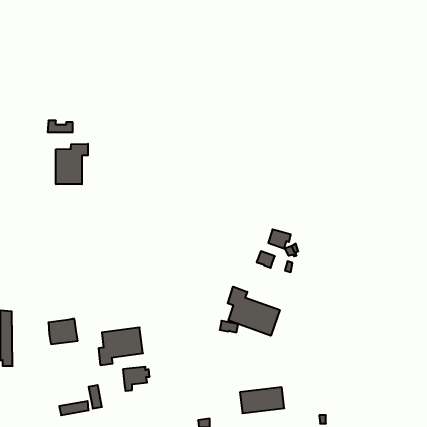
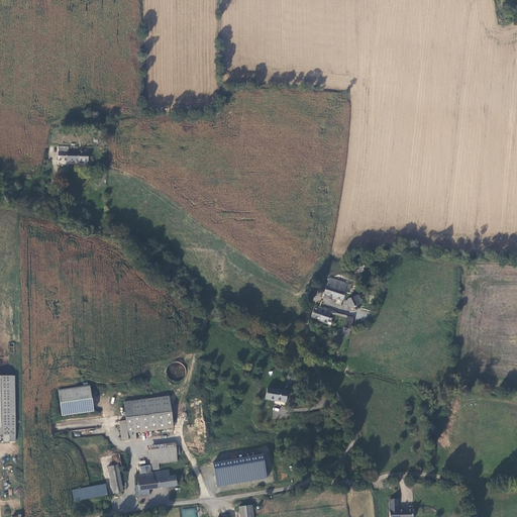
building: [56,144,88,184] -> none
building: [228,287,280,336] -> none
building: none -> [135,464,177,497]
building: [240,387,284,413] -> [213,453,267,485]

